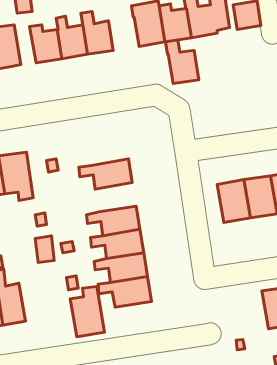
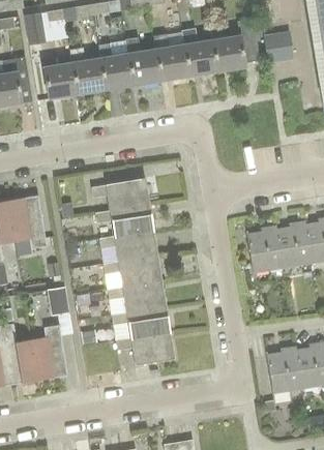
building: [165,40,199,84] -> [124,37,160,85]
building: none -> [91,177,149,210]
building: none -> [99,229,157,261]
building: [70,286,104,337] -> [30,325,67,380]
building: none -> [265,347,301,392]

